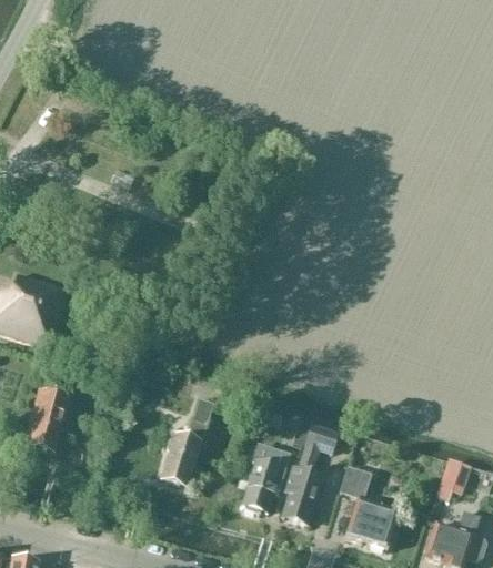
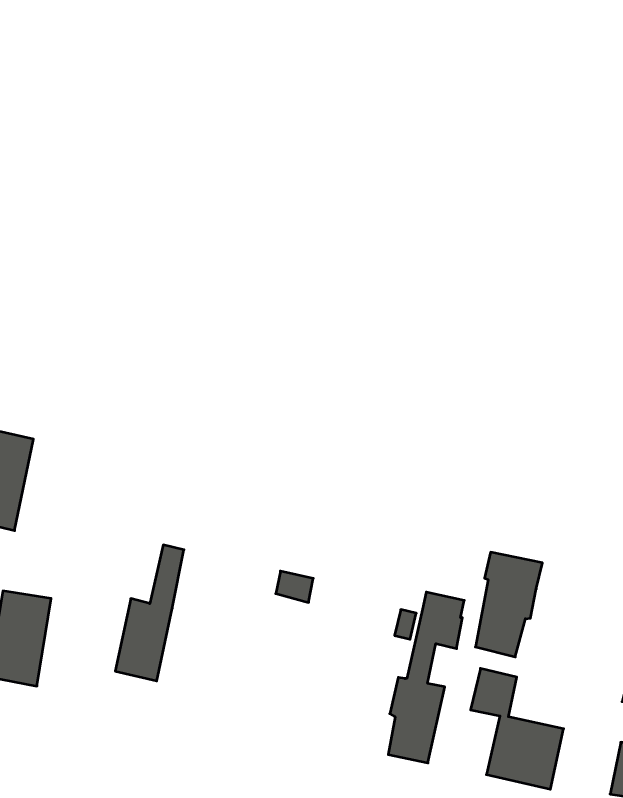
building: [161,399,213,488] -> [115,545,184,681]
building: [242,443,291,513] -> [475,552,542,657]

